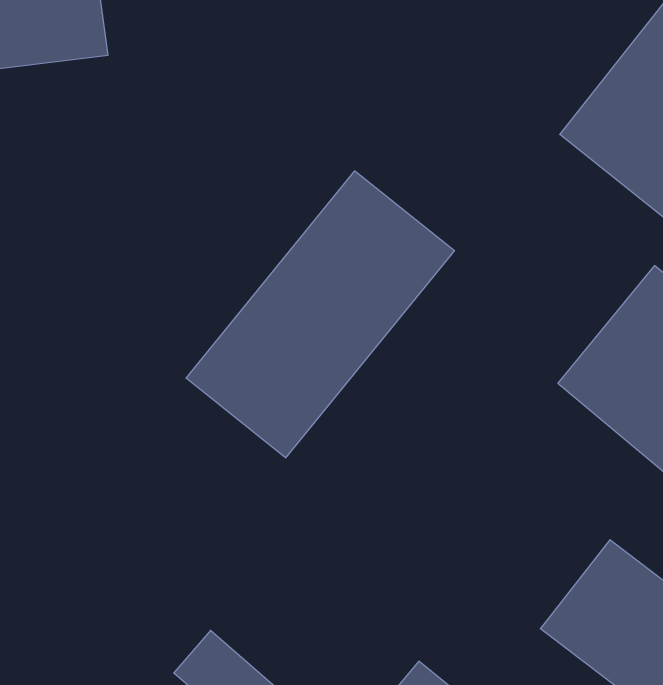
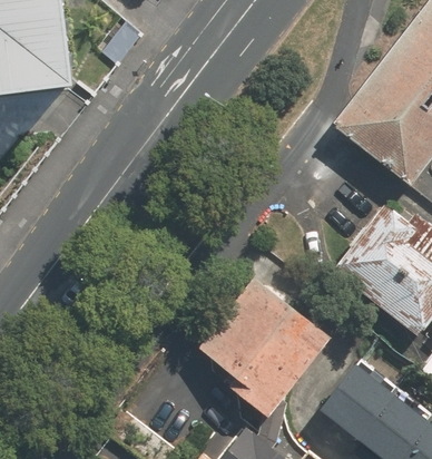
building: [186,171,454,458] -> none
building: none -> [198,275,332,416]

